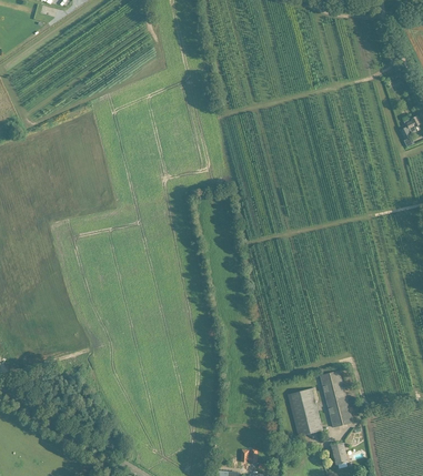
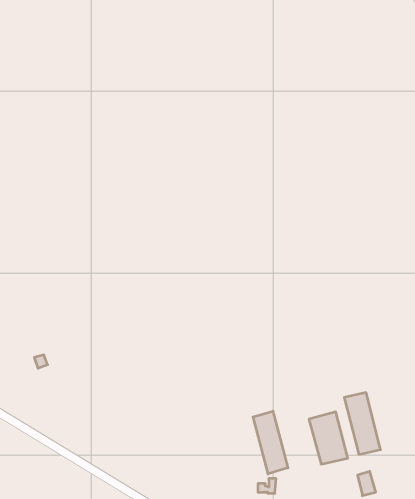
building: none -> [253,411,288,474]

